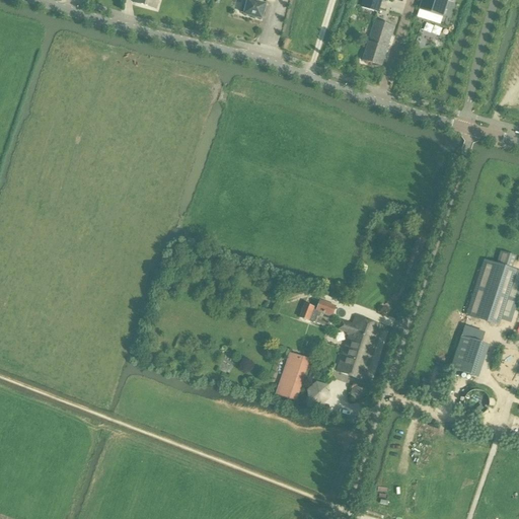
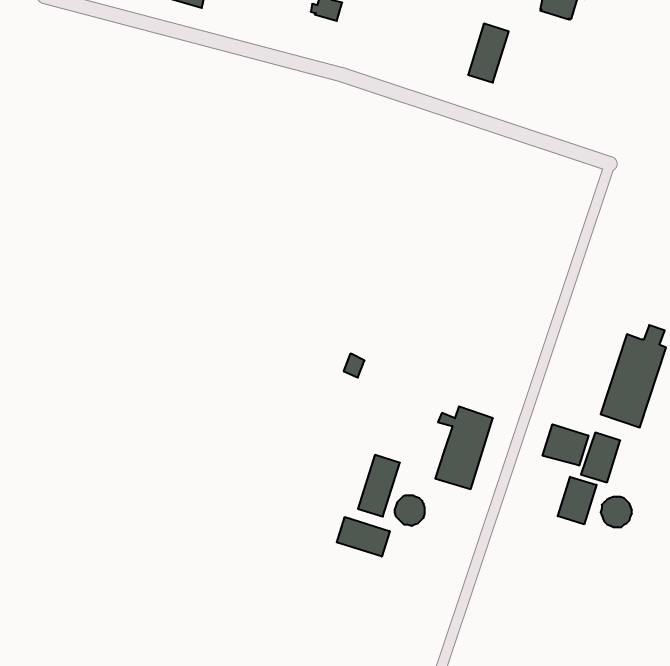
building: [299,298,336,325] -> none
building: none -> [543,424,588,466]
building: none -> [558,477,597,524]
building: none -> [337,517,390,557]

